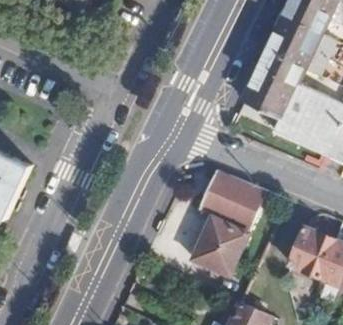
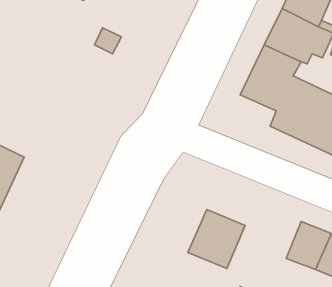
building: [198,172,266,233] -> none

